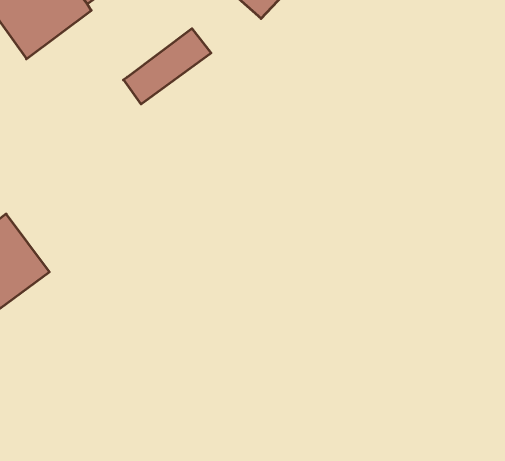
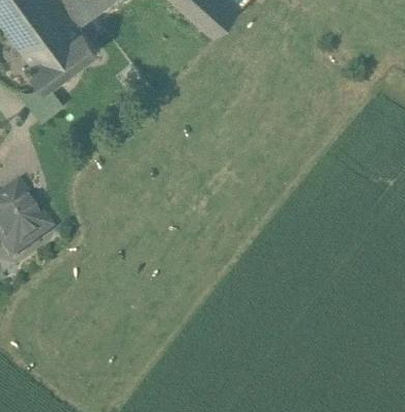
building: [123,29,211,104] -> [27,28,94,86]

